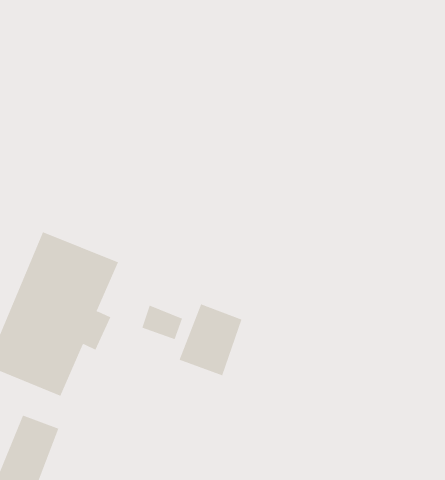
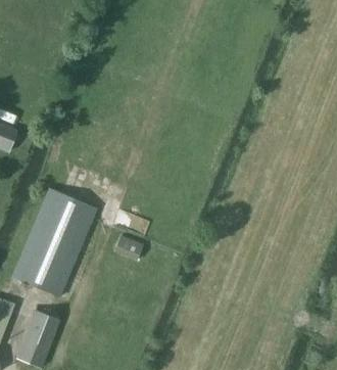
building: [179,303,242,376] -> none

